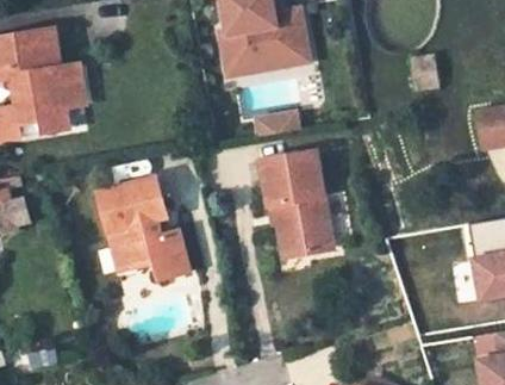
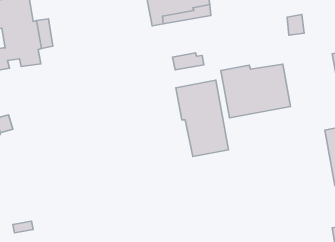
building: none -> [221,64,291,118]
building: [102,178,191,278] -> none

